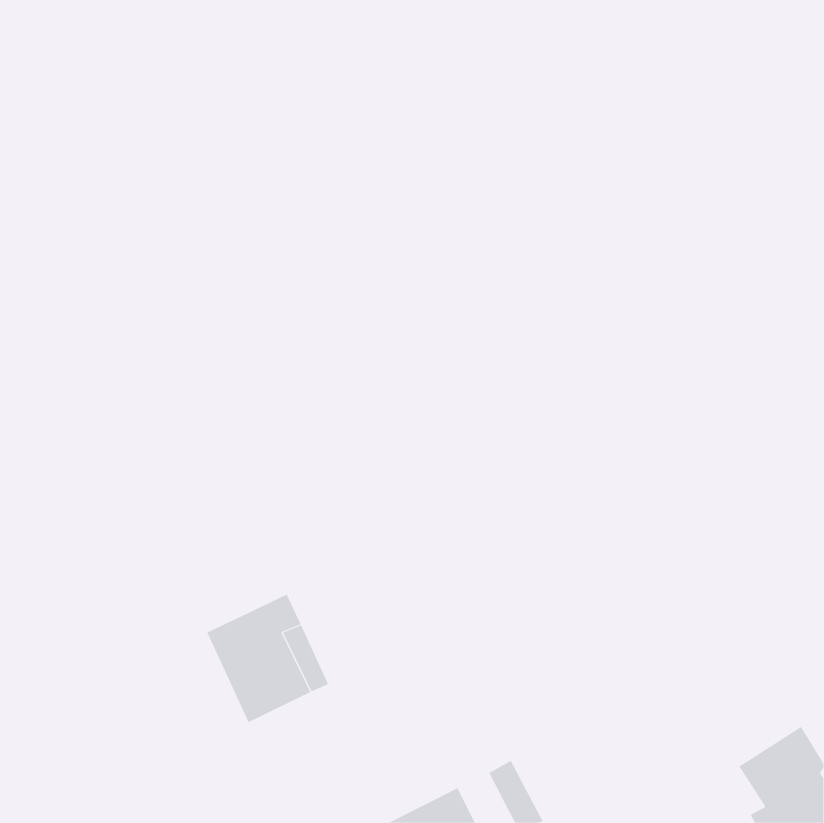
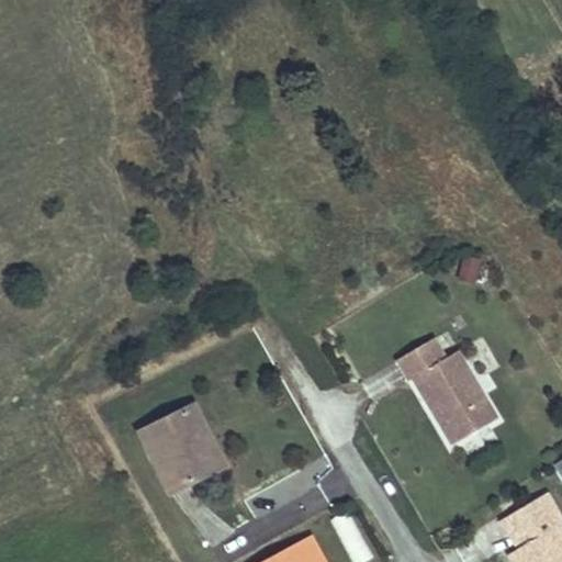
building: none -> [397,338,497,445]

